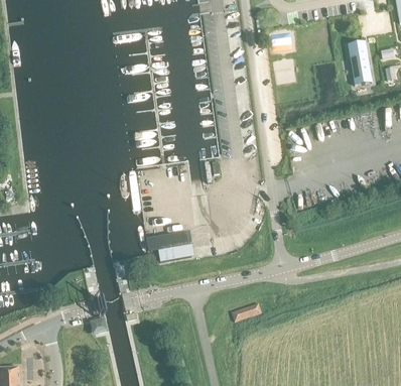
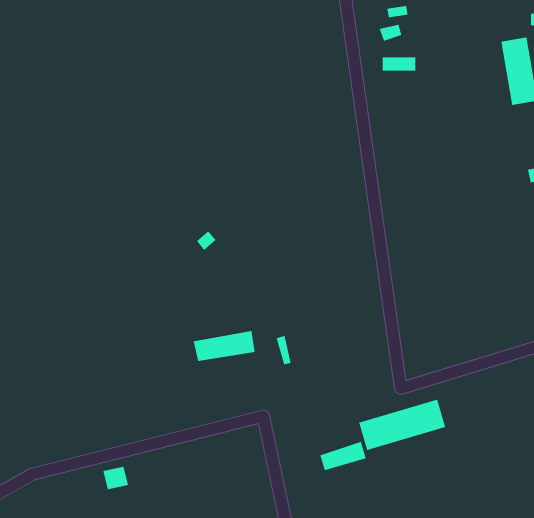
building: none -> [358,399,446,451]

